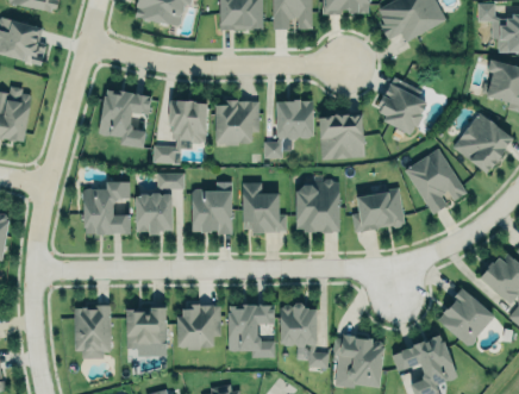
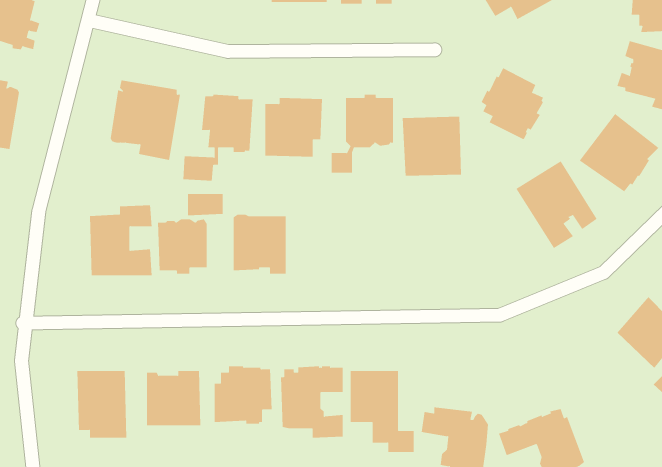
building: [295,179,339,232] -> none
building: [243,182,286,234] -> none
building: [351,188,405,232] -> none
building: [437,290,495,349] -> none

